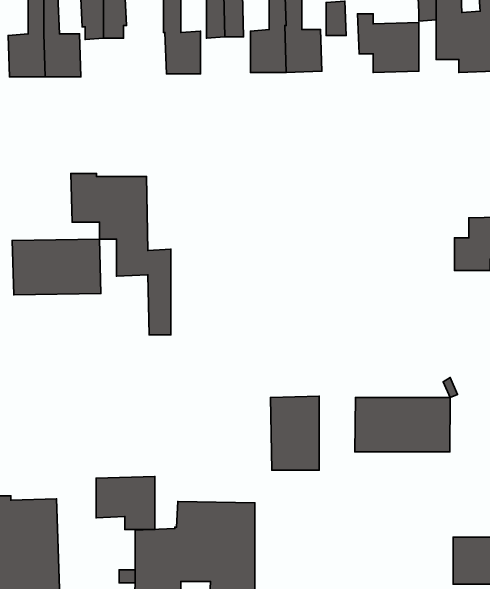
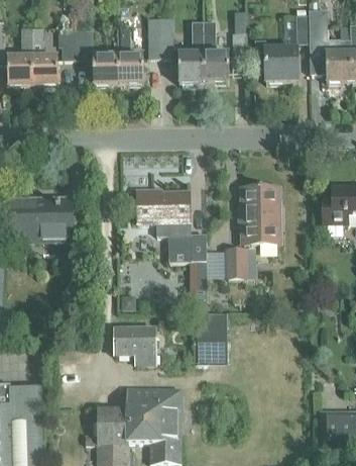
building: none -> [93,54,119,84]
building: [71,174,171,335] -> [136,188,207,302]
building: none -> [242,186,279,243]
building: none -> [227,248,248,277]
building: [355,397,450,452] -> none
building: [96,477,155,529] -> [114,327,155,364]

